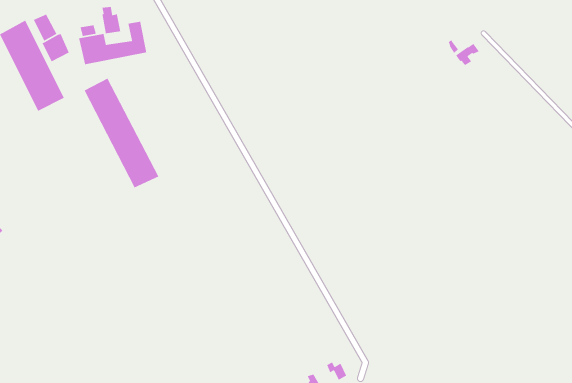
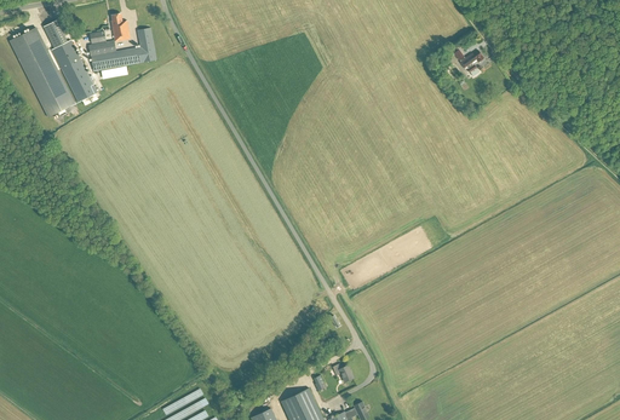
building: none -> [61,58,96,100]
building: [84,77,159,188] -> none

